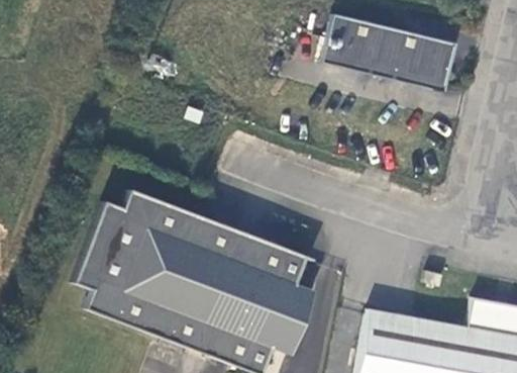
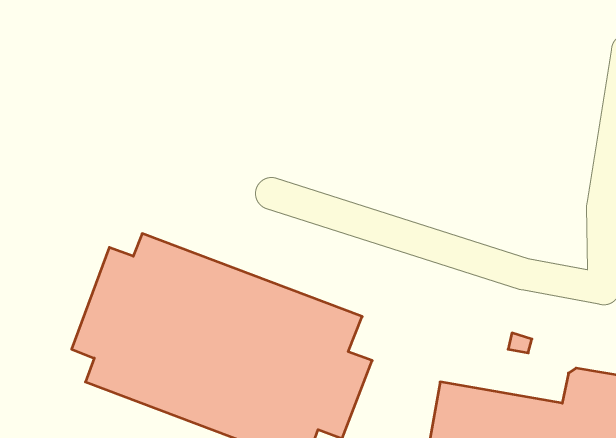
building: [324,11,456,88] -> none

